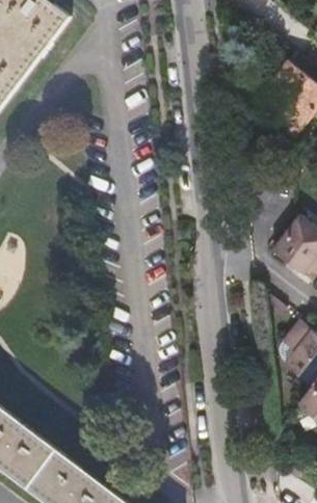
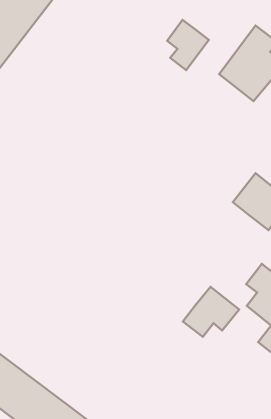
building: none -> [167,20,209,70]
building: none -> [183,287,239,337]

